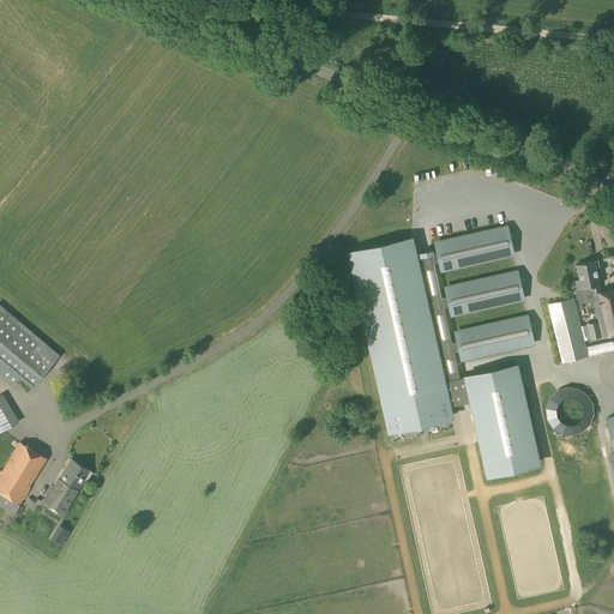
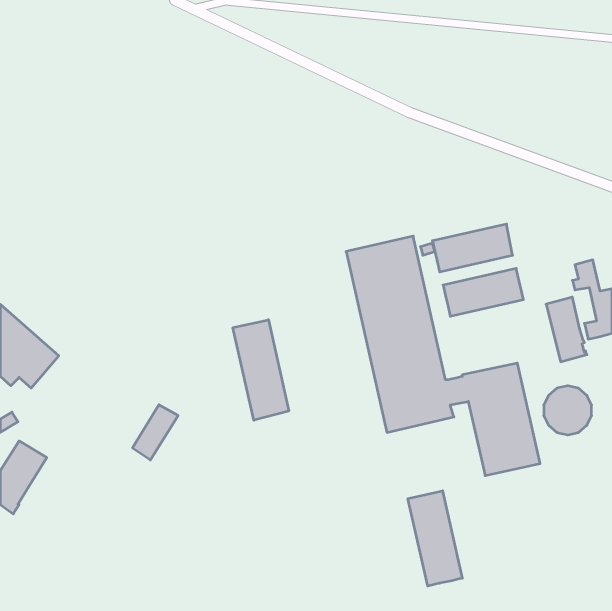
building: [453,315,534,362] -> none
building: none -> [233,320,289,420]
building: [44,460,90,516] -> [133,405,178,460]
building: none -> [408,491,462,586]

